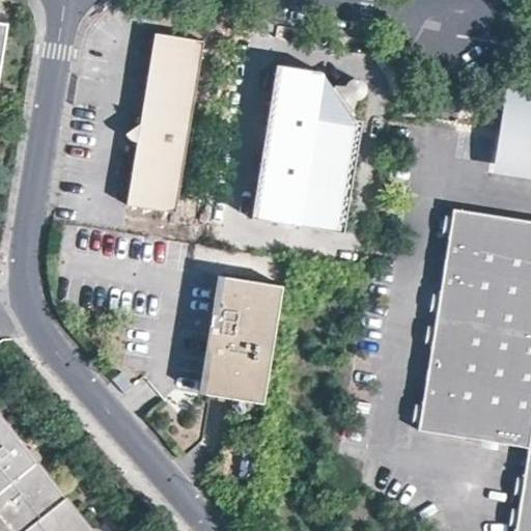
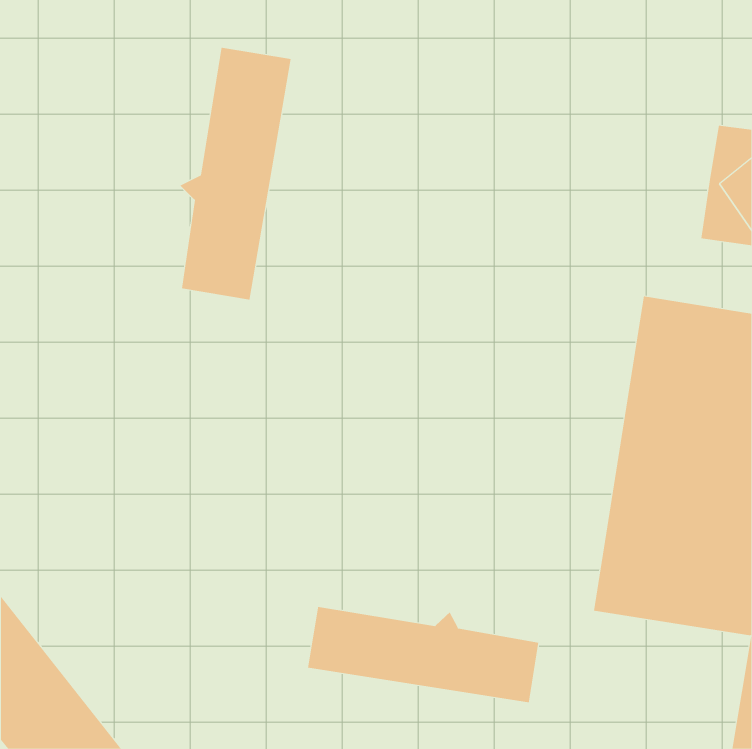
building: [253,64,364,232] -> none
building: [207,276,285,403] -> none
building: none -> [308,606,539,703]

